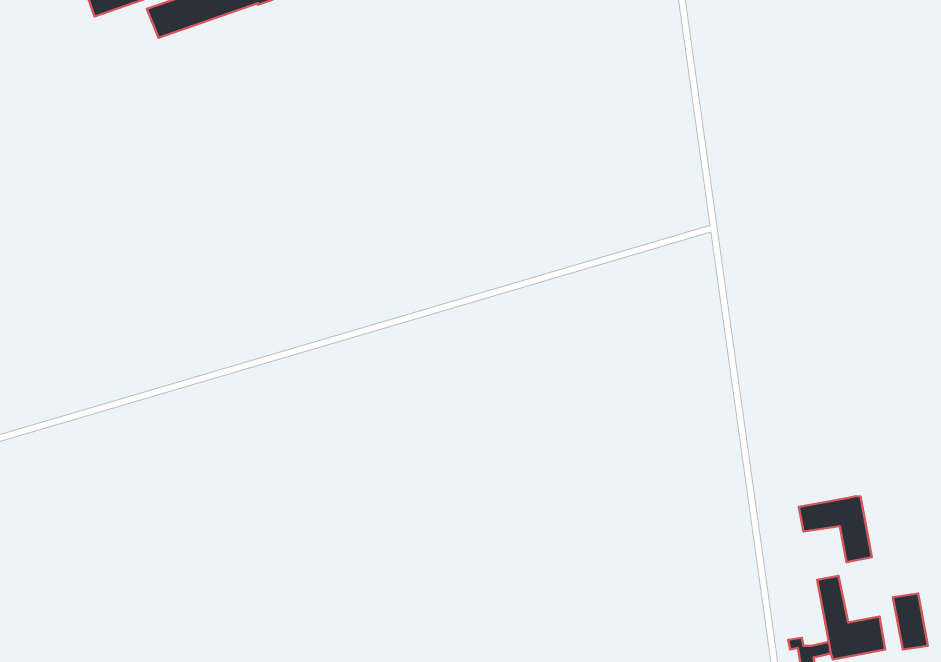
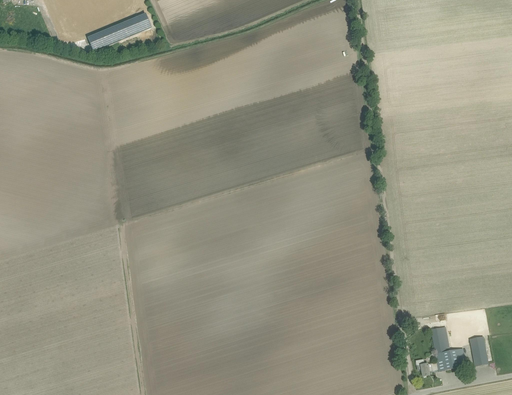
building: [799,496,872,562] -> none

